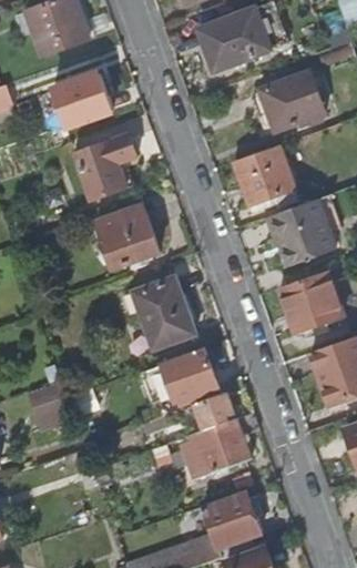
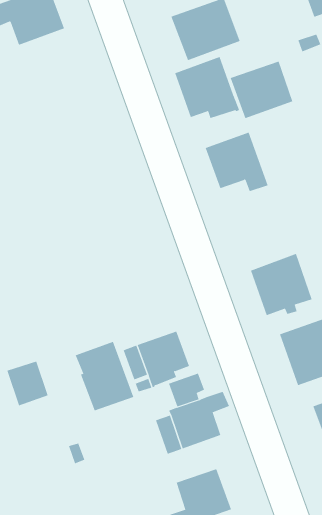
building: none -> [174,56,240,119]
building: [52,72,112,126] -> none
building: [74,133,136,200] -> none
building: [269,197,334,265] -> none
building: [95,204,159,267] -> none
building: [133,276,194,348] -> [75,341,134,411]

